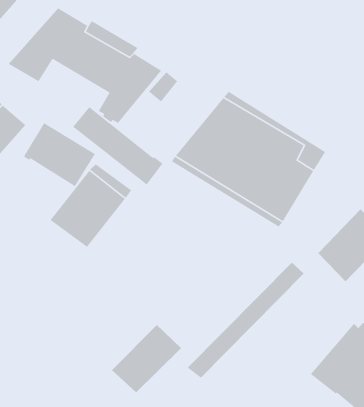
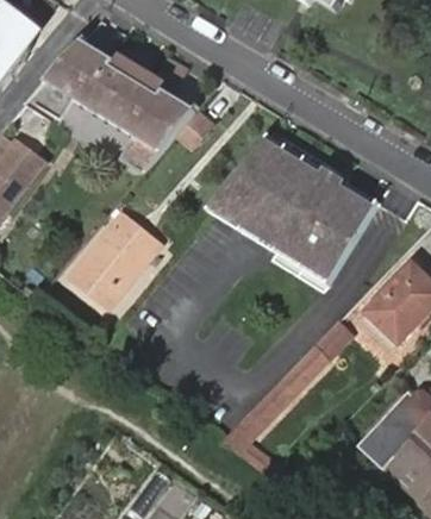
building: [72,106,163,185] -> none
building: [23,122,96,187] -> none
building: [111,324,182,393] -> none

